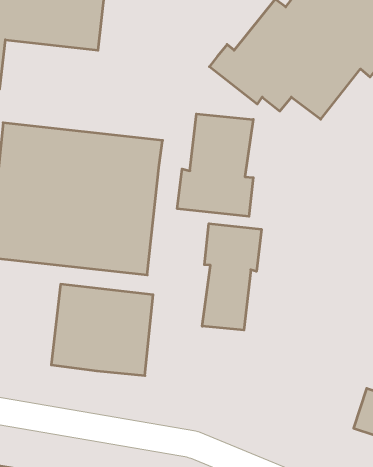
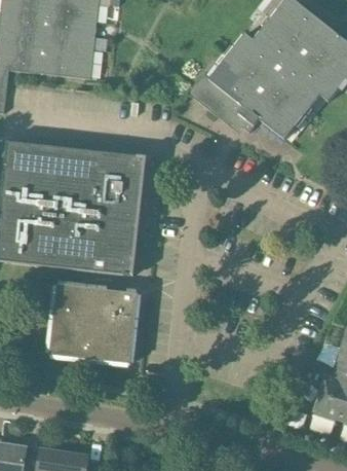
building: [177,114,253,216] -> none
building: [202,224,261,330] -> none

